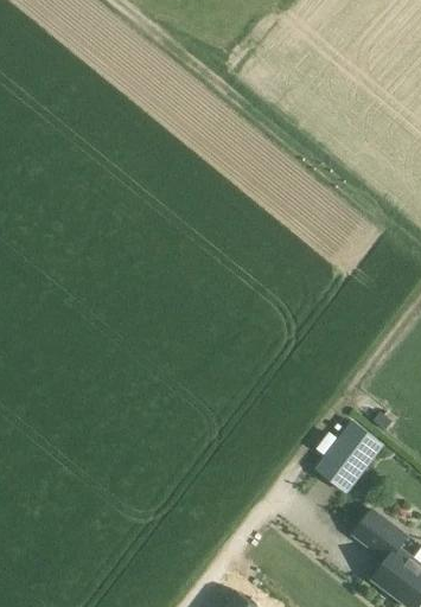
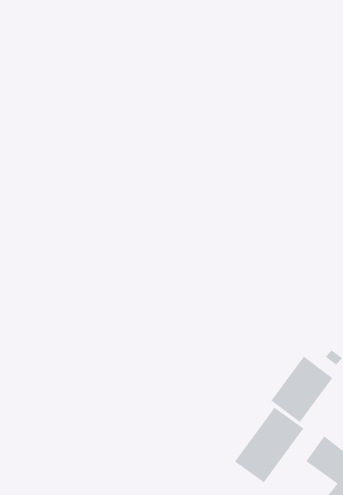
building: none -> [234,407,304,483]

